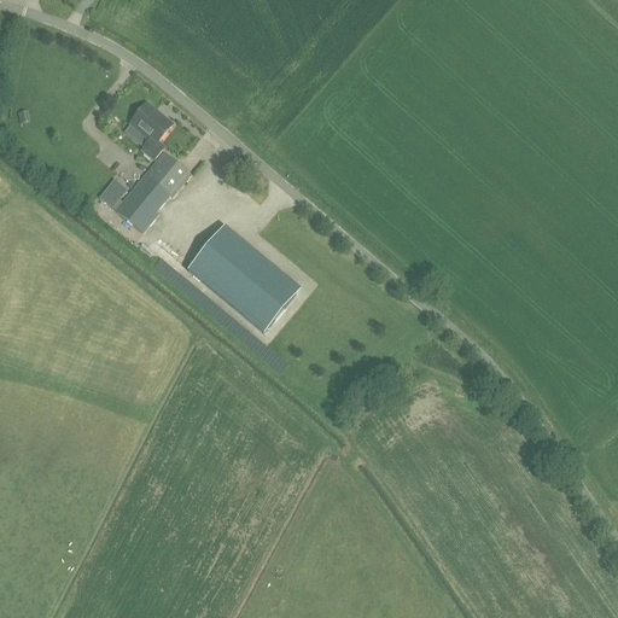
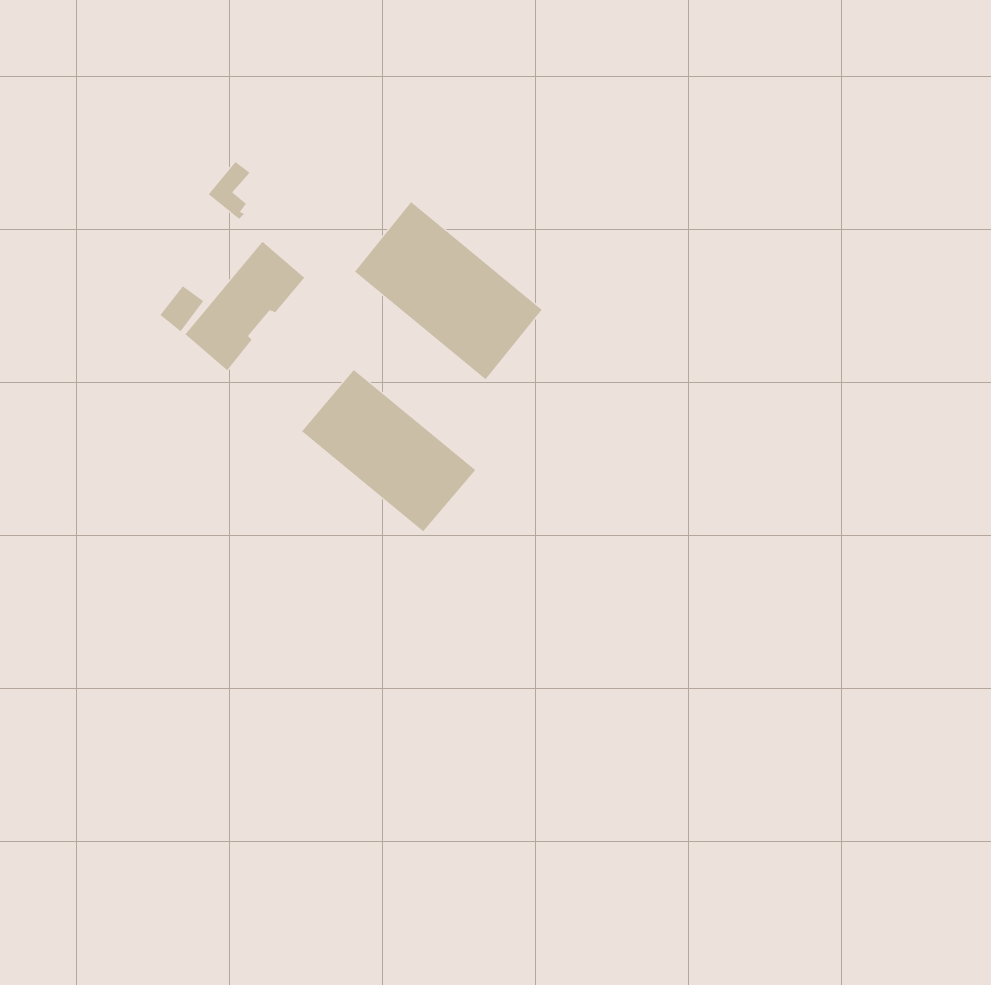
building: [140,107,173,157] -> none
building: none -> [354,201,542,380]

